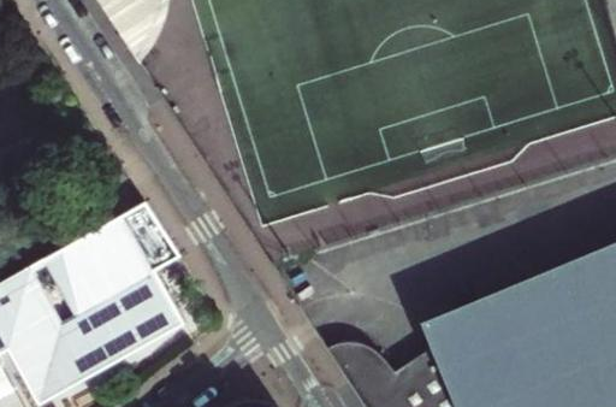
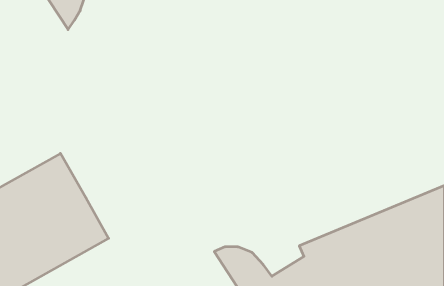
building: [125,204,185,273] -> none

